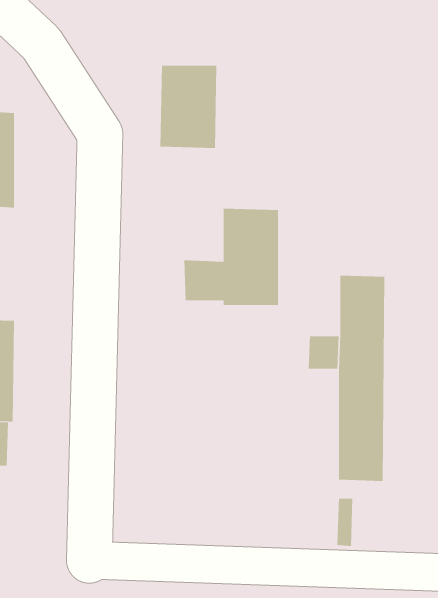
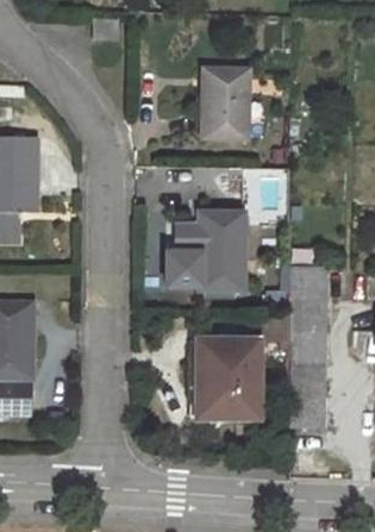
building: [160,65,217,148] -> [201,71,246,137]
building: none -> [196,340,258,415]

